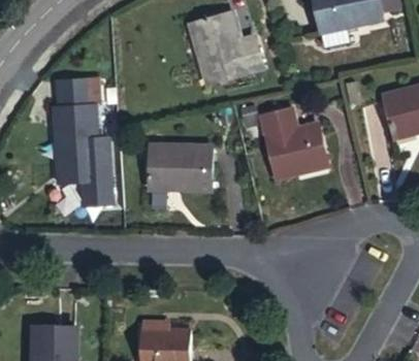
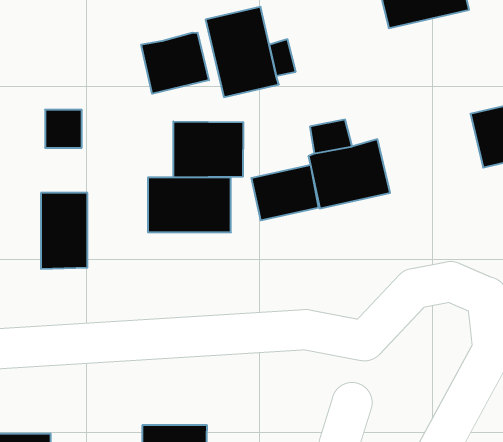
building: none -> [141,33,209,94]
building: none -> [173,121,243,177]
building: [64,122,108,155] -> none
building: none -> [251,165,319,220]

